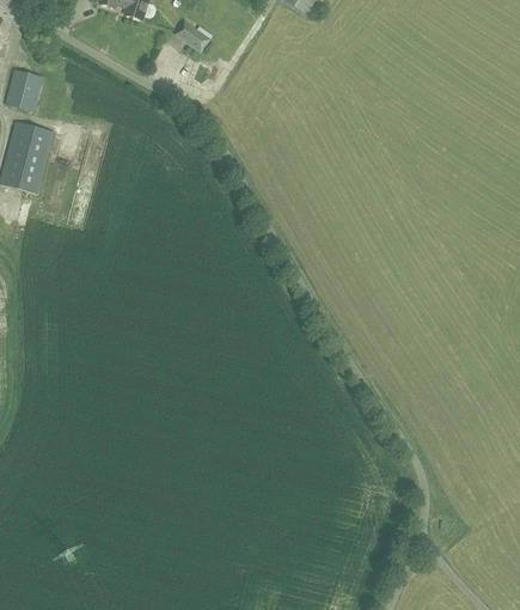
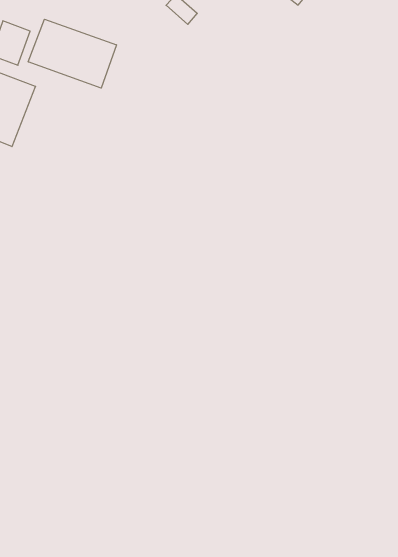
building: none -> [28,19,116,88]

